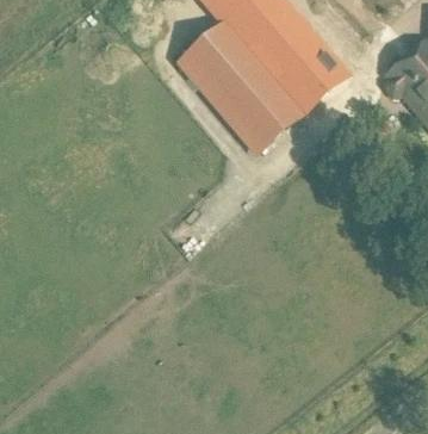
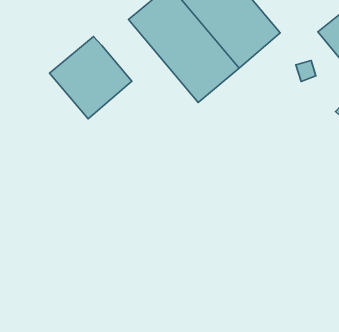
building: none -> [50,36,132,119]

